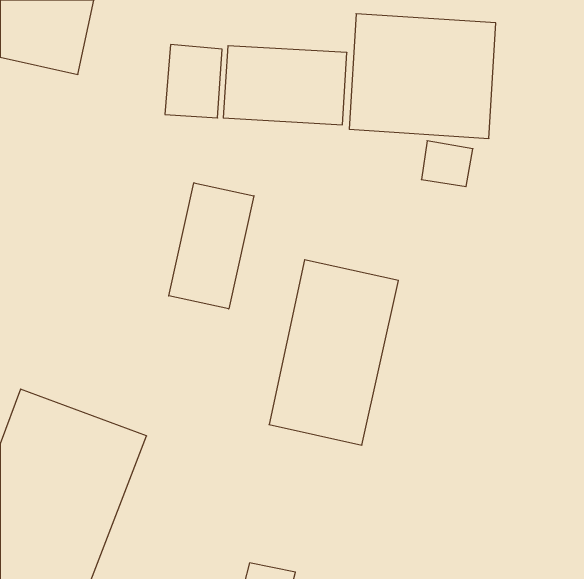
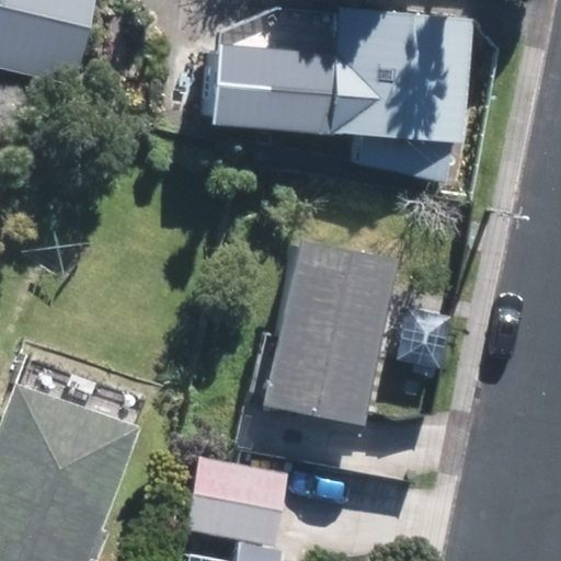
building: [169,183,254,309] -> none
building: none -> [186,456,289,545]

